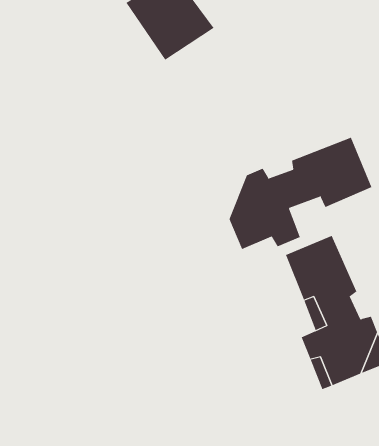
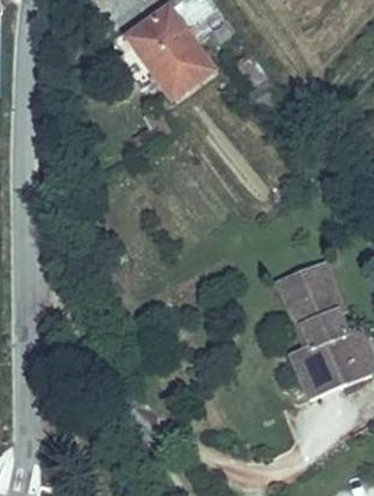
building: [229,137,372,250] -> none

